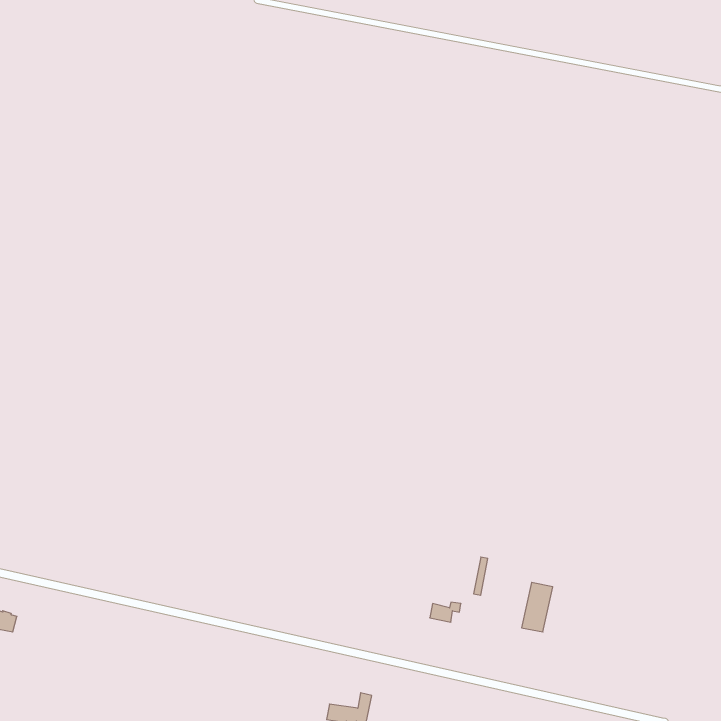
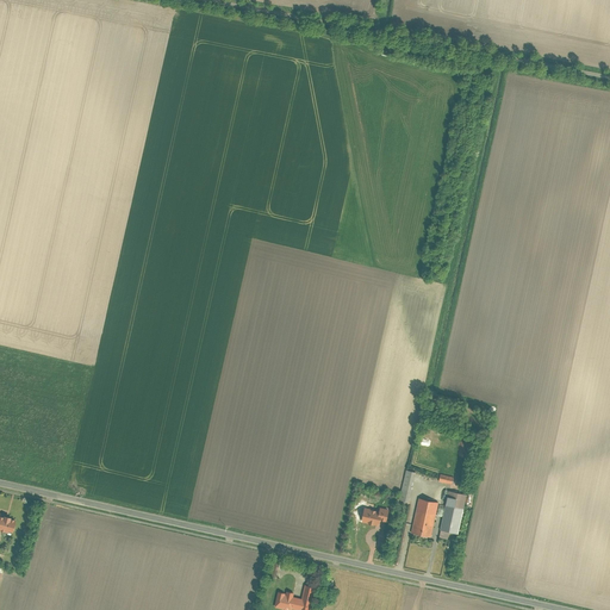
building: none -> [411,499,437,536]

